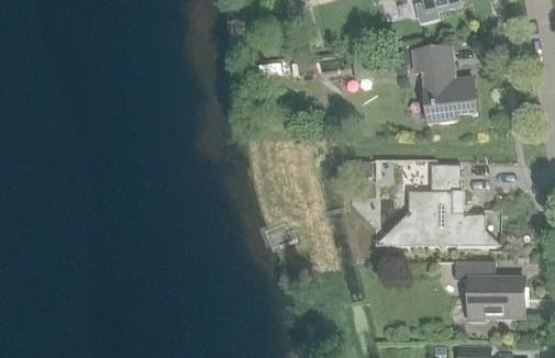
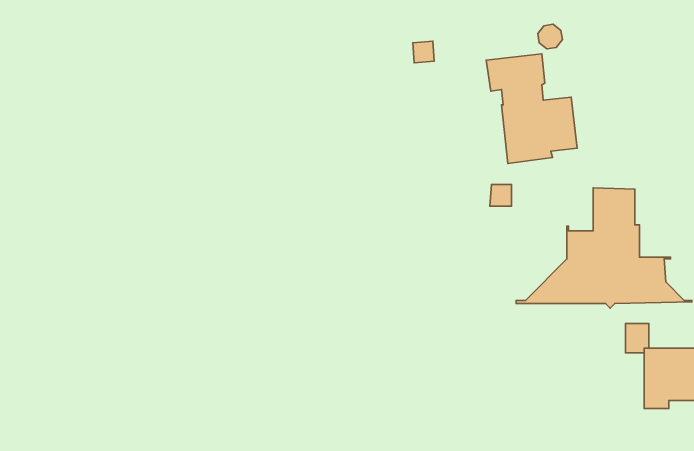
building: [412,45,477,123] -> [486,54,577,164]

